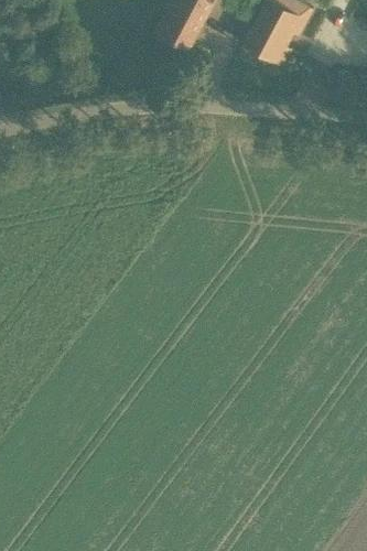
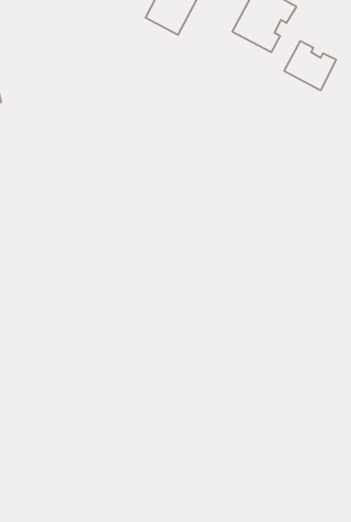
building: none -> [284,41,336,90]

